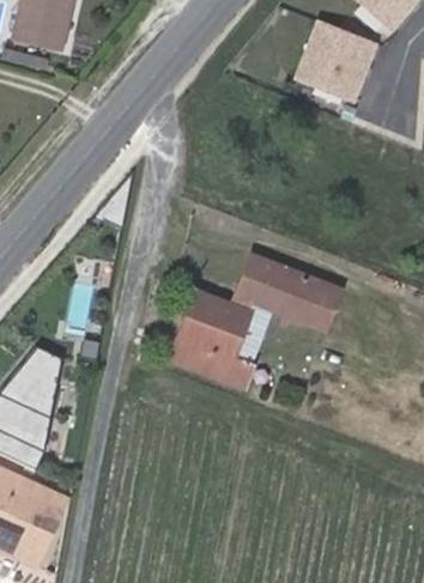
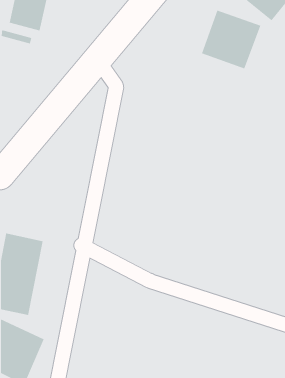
building: [170,257,338,384] -> none

